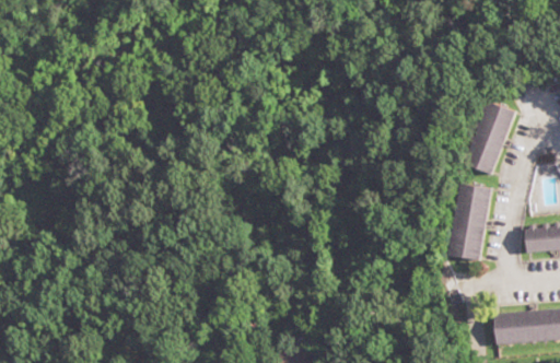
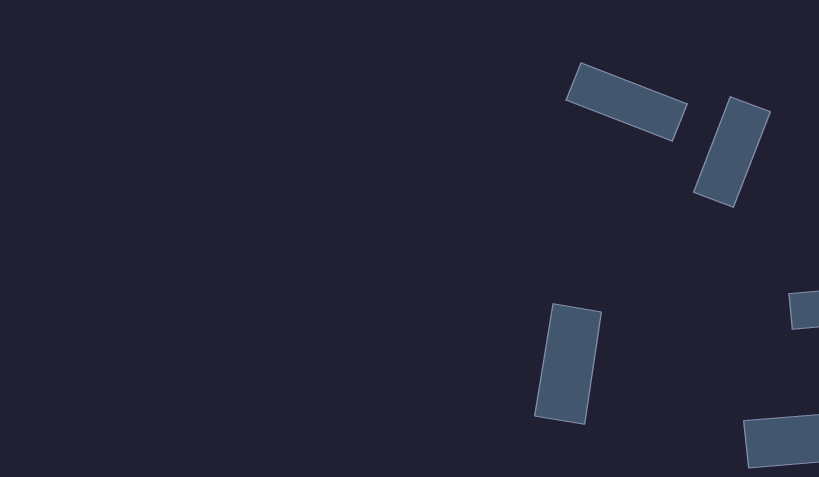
building: none -> [566,63,687,141]
building: [450,184,493,262] -> [535,304,601,424]

